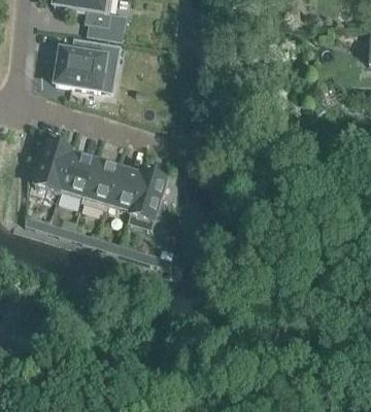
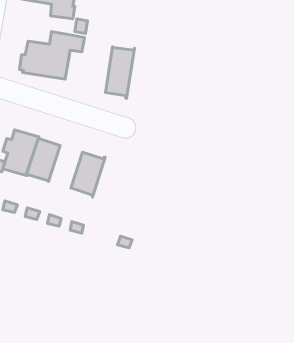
building: none -> [106,47,134,98]
building: [81,160,120,210] -> none
building: [130,172,168,221] -> none

